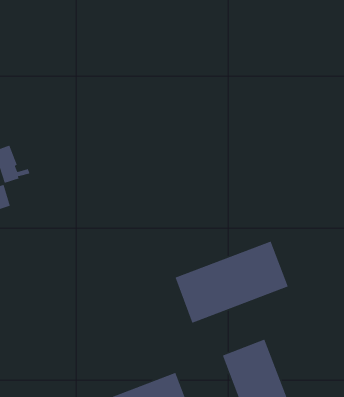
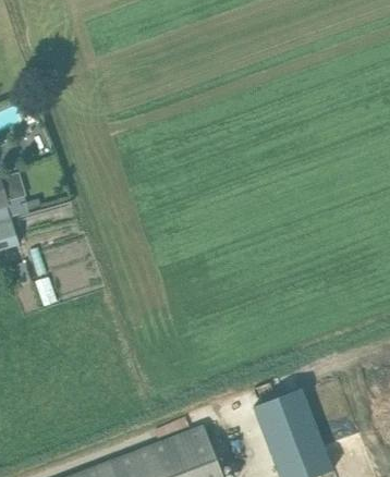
building: [174,240,289,324] -> none

